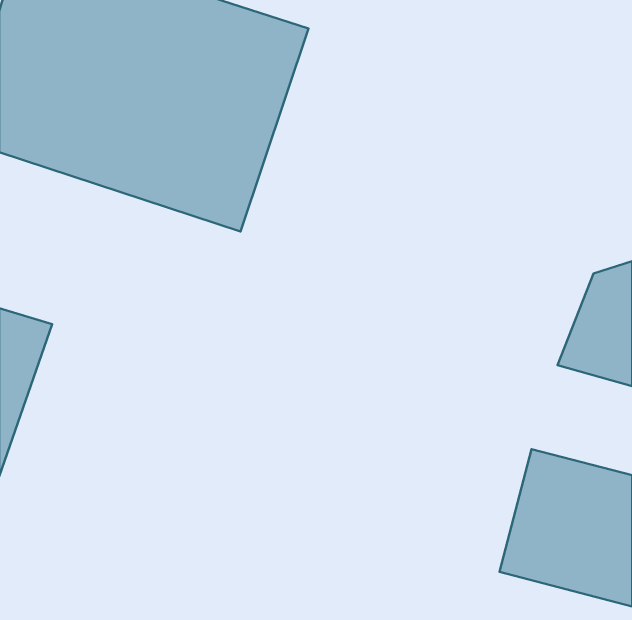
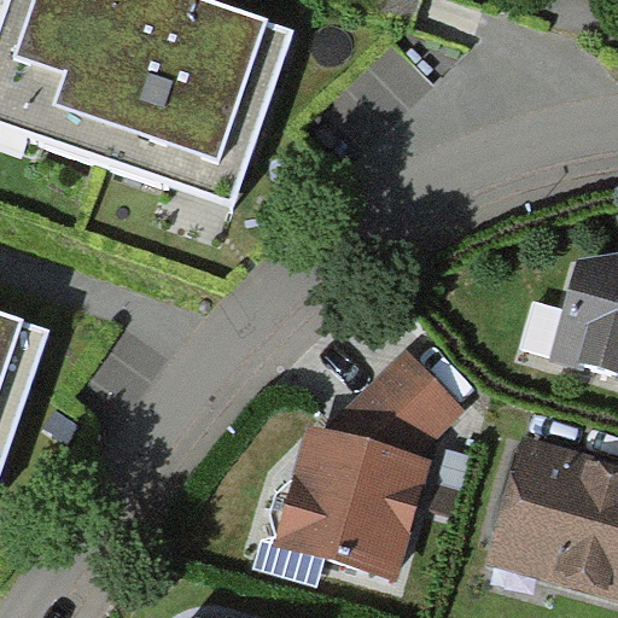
building: none -> [278,346,472,578]

